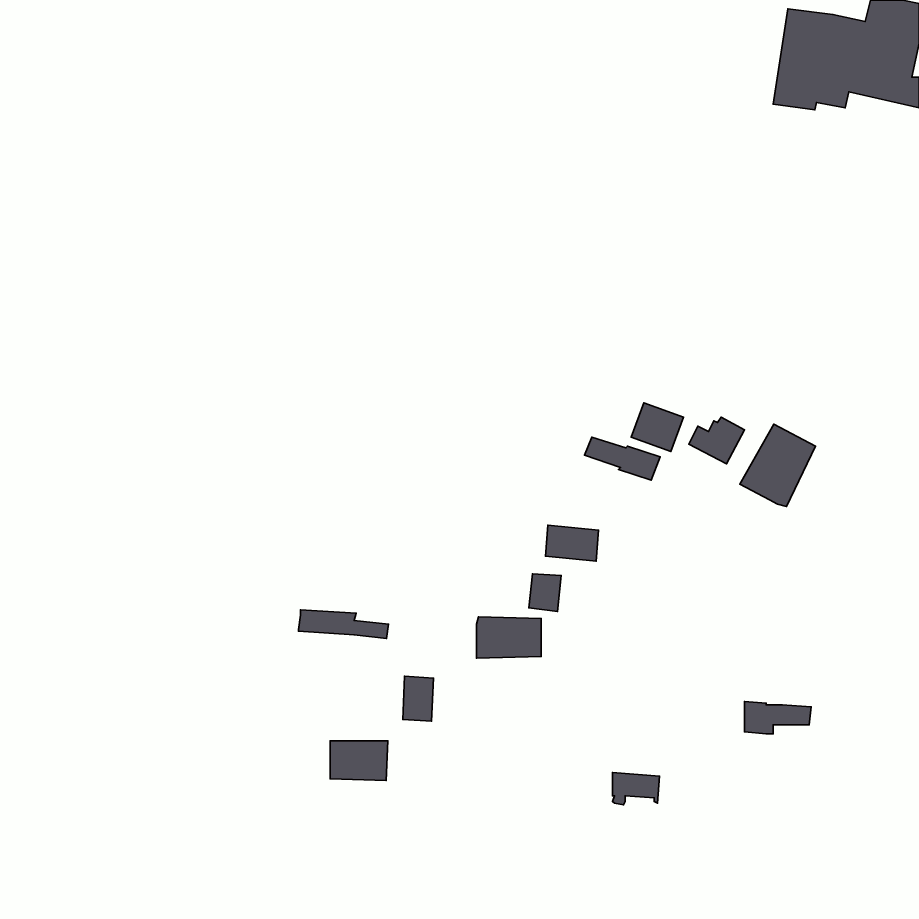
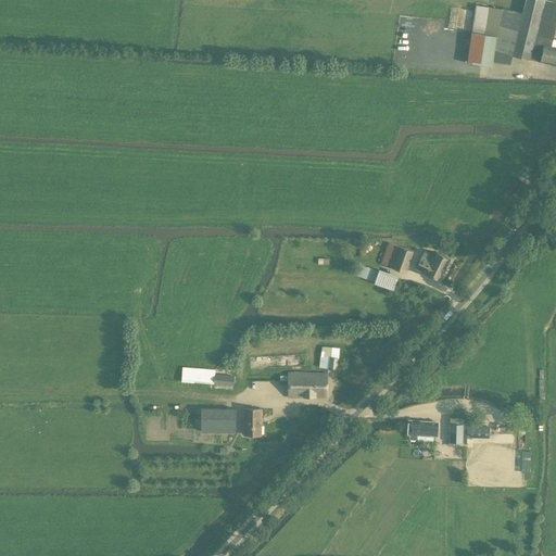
building: [740,424,816,507] -> none
building: [545,525,598,561] -> none
building: [330,741,388,780] -> [201,408,236,432]
building: [613,773,659,805] -> [408,420,437,440]

